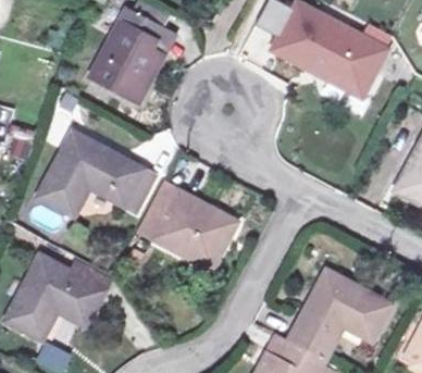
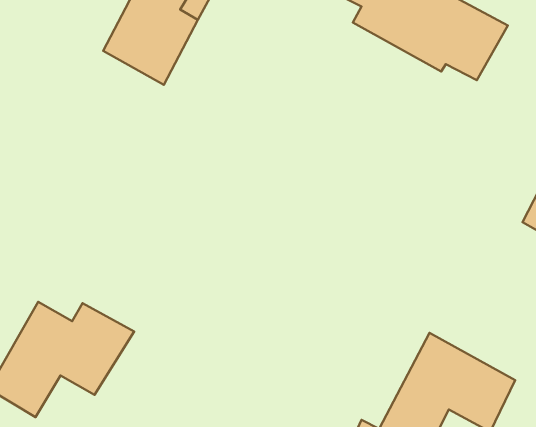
building: [41,127,154,209] -> none
building: [141,179,234,265] -> none

